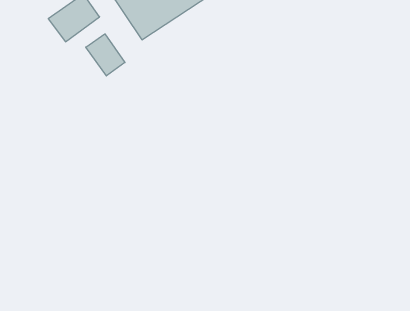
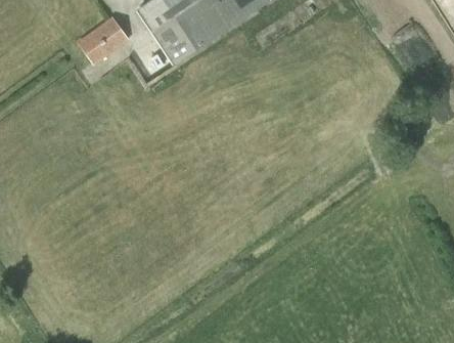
building: [86,34,125,76] -> none

